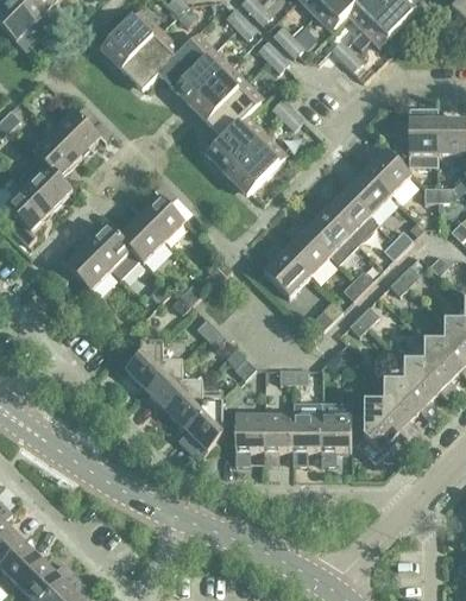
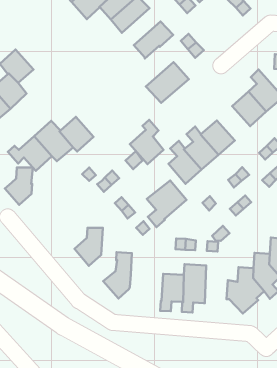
building: [193,69,243,119] -> none
building: [53,113,112,158] -> none
building: [208,118,263,172] -> none
building: [138,184,183,242] -> [130,120,164,164]
building: [325,191,369,236] -> none
building: none -> [147,181,187,227]
building: [126,341,162,391] -> [5,168,33,205]
building: [166,382,203,431] -> none
building: [321,403,351,466] -> none
building: [221,417,265,466] -> none

